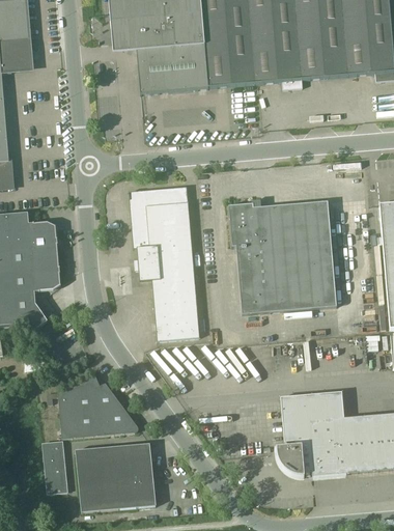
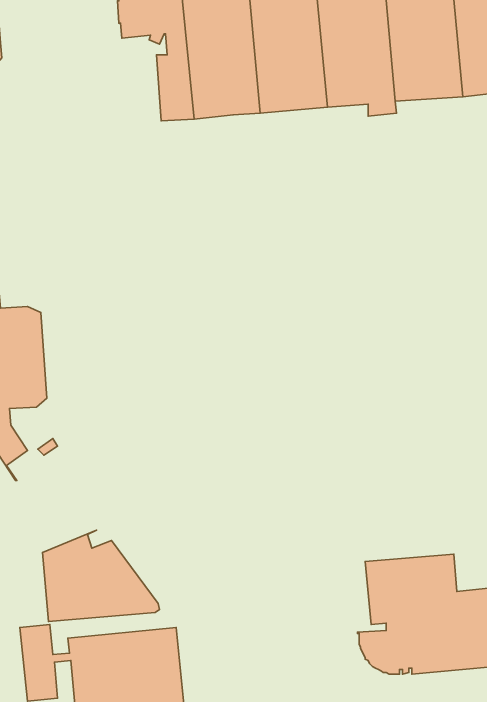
building: [132,189,199,339] -> none
building: [228,198,336,312] -> none

